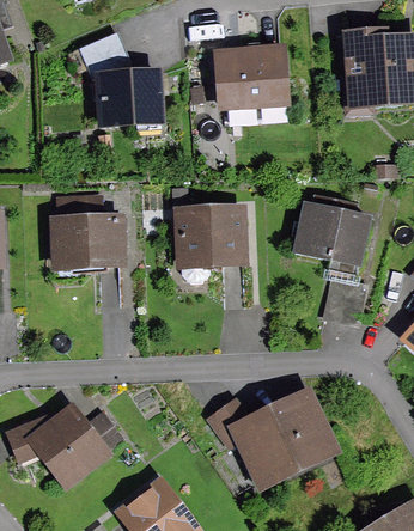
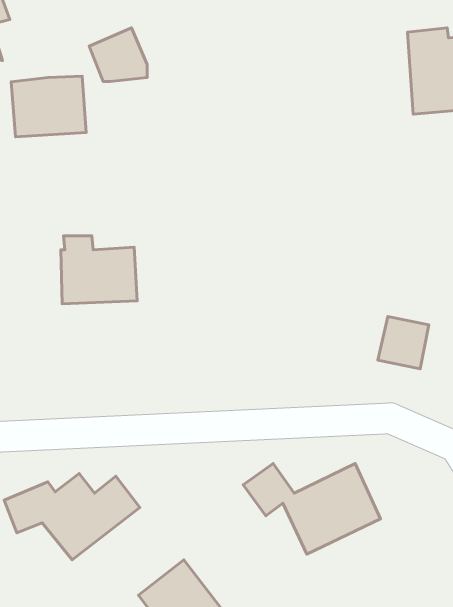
building: [217,44,285,108] -> none
building: [97,74,160,126] -> [11,76,86,137]
building: [294,206,369,266] -> none
building: [178,212,242,262] -> none

